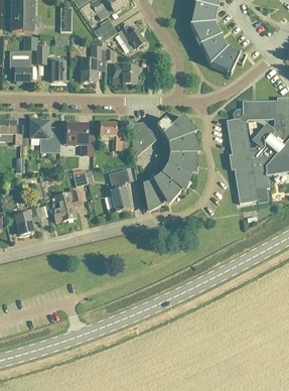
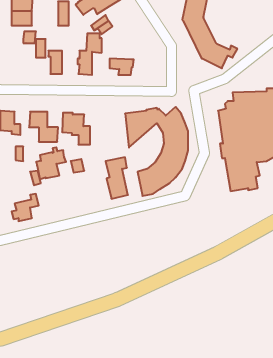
building: [119,25,147,49] -> none
building: [10,50,30,82] -> none
building: [101,121,123,149] -> none
building: [51,186,83,220] -> [36,147,66,179]

